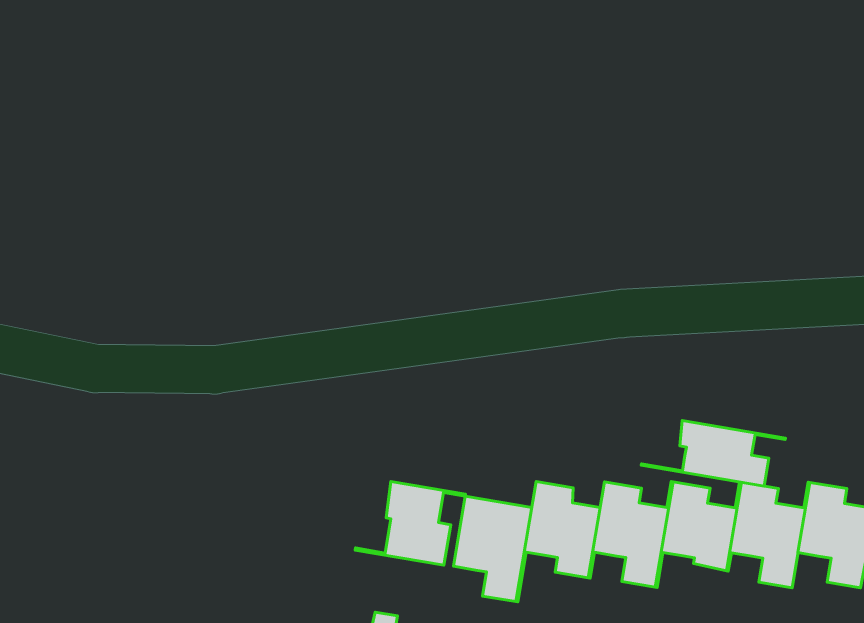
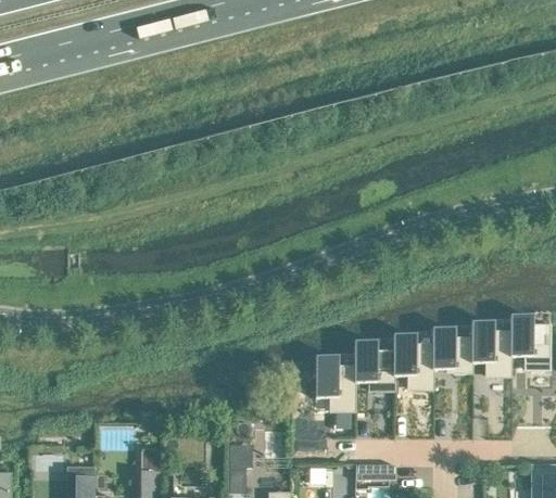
building: [641,421,786,486] -> none
building: [355,481,466,565] -> none

